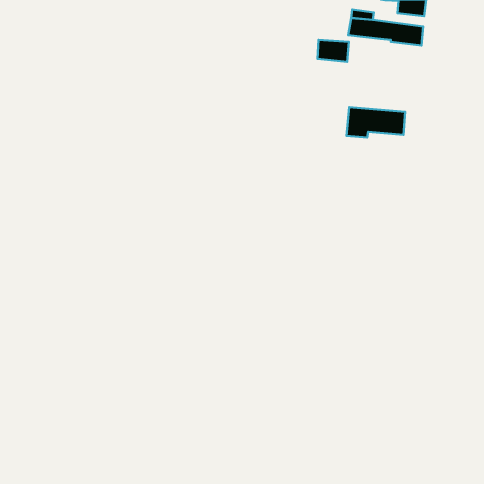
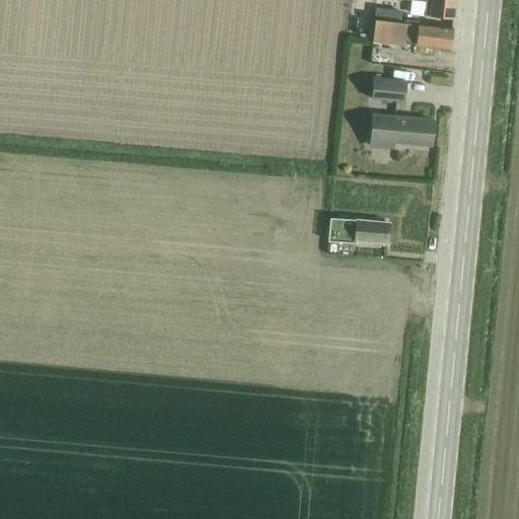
building: [318,40,349,62] -> [373,78,406,101]
building: none -> [329,218,389,242]

